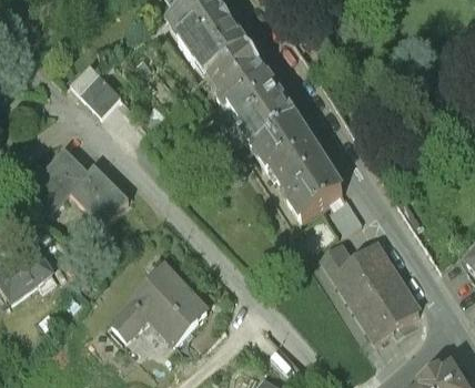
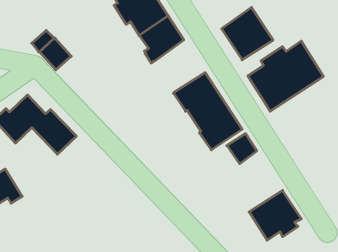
building: [229,79,295,146] -> [222,7,273,60]
building: none -> [248,41,323,111]
building: [323,245,395,300] -> none
building: [112,268,206,344] -> none

